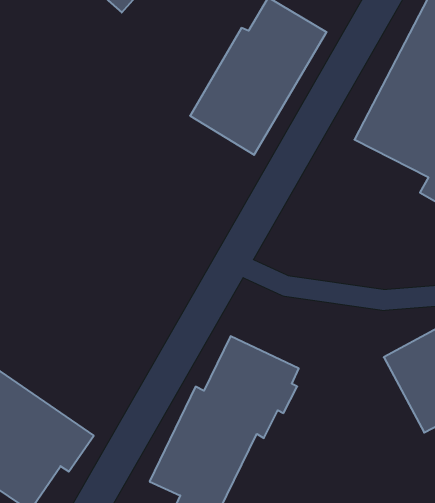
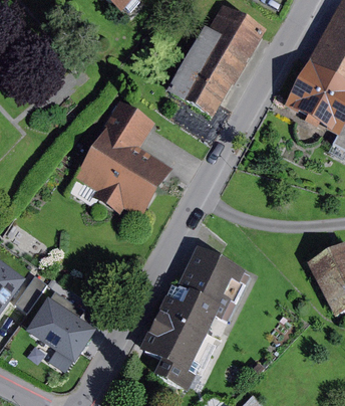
building: none -> [76,98,171,214]

